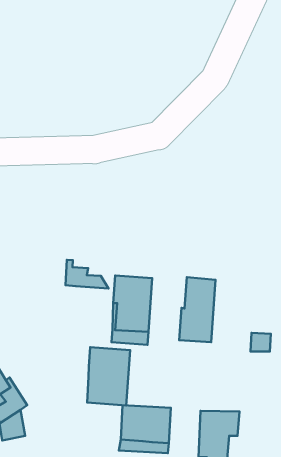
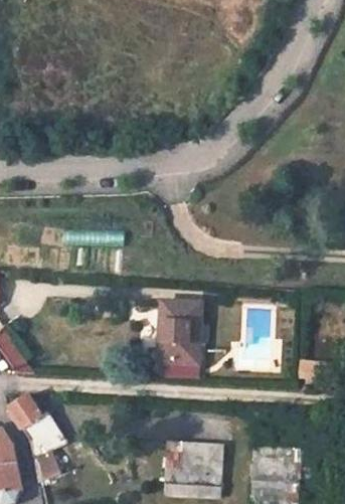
building: [66,260,109,288] -> none
building: [179,277,215,342] -> none
building: [87,347,130,405] -> none

